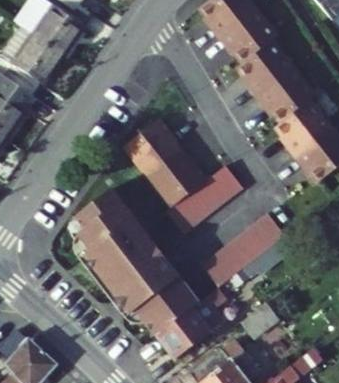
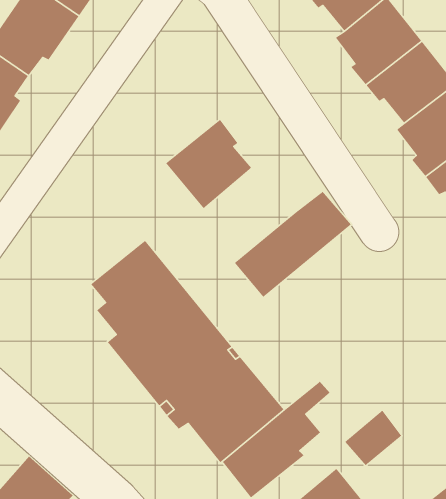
building: [147,147,207,205] -> none
building: [203,212,286,287] -> none

